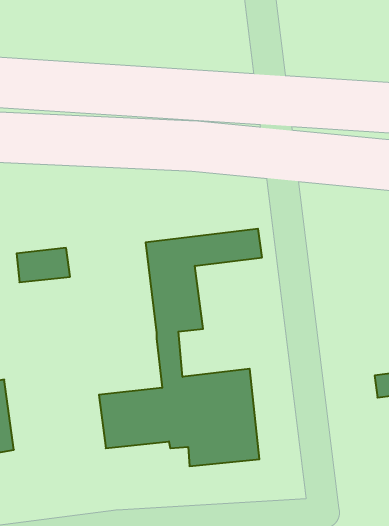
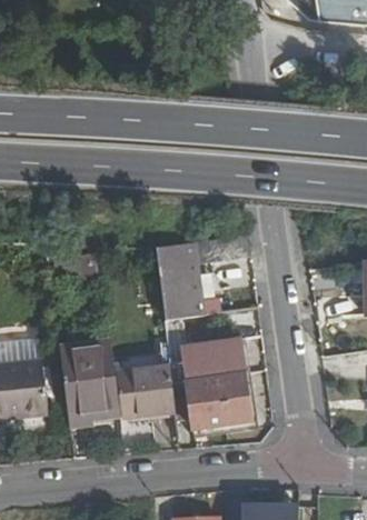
building: none -> [60,342,120,410]

